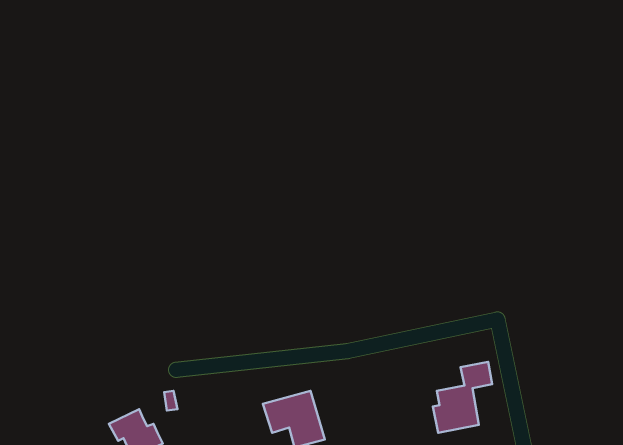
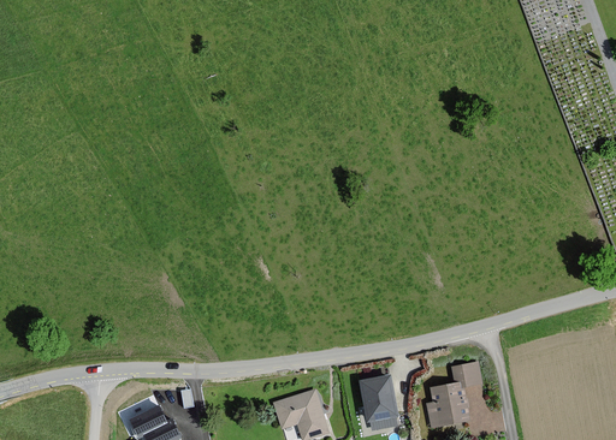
building: none -> [359,374,397,421]

